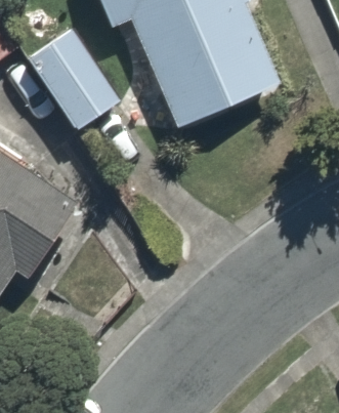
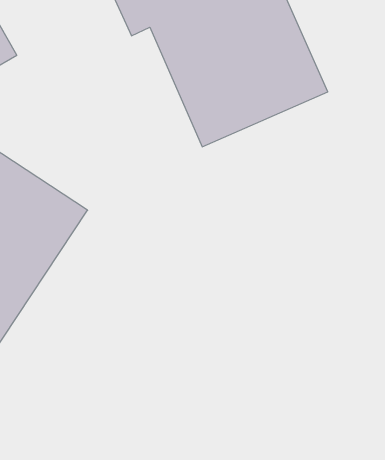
building: [26,23,134,141] -> none

